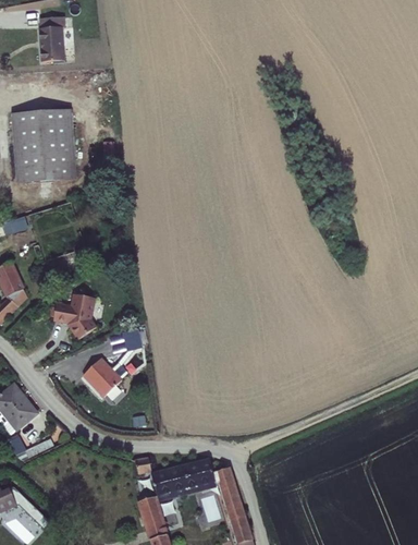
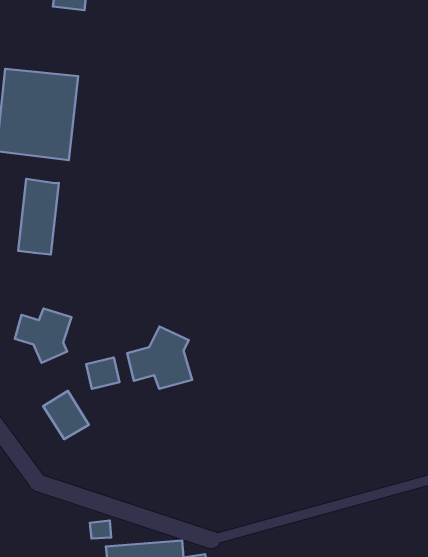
building: none -> [18,179,59,255]
building: none -> [127,326,192,389]

